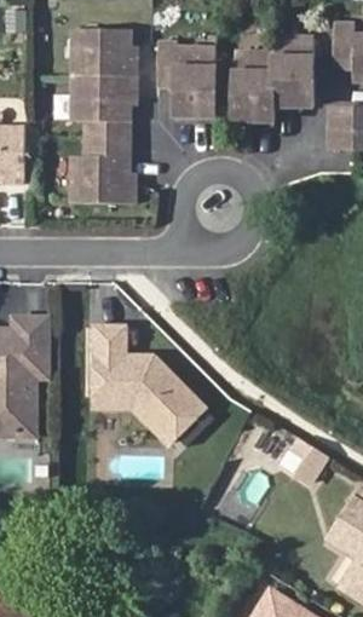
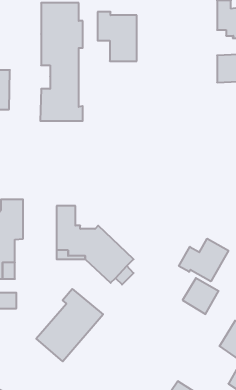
building: [234,36,312,120] -> none
building: none -> [179,239,228,281]
building: none -> [36,289,103,361]

